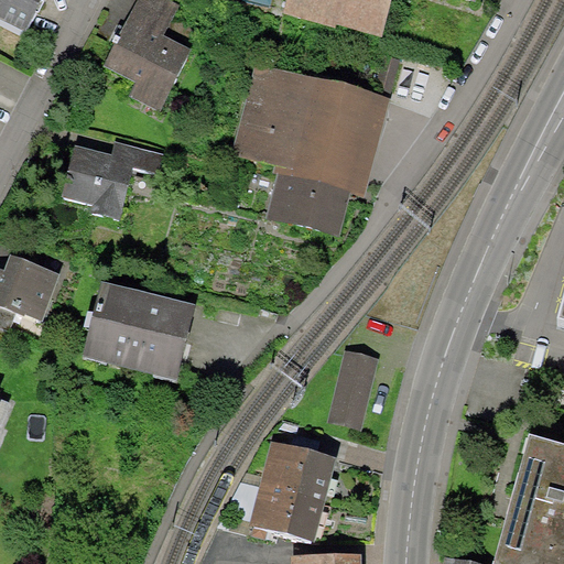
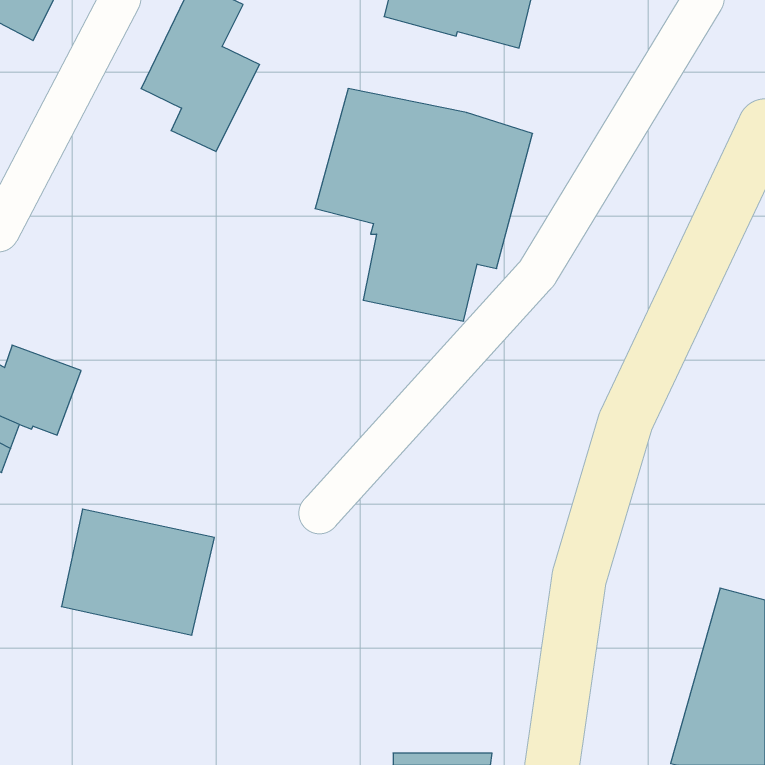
building: [59,141,163,219] -> none
building: [83,283,195,376] -> [61,509,214,635]
building: [326,357,376,434] -> none
building: [252,448,336,545] -> none

